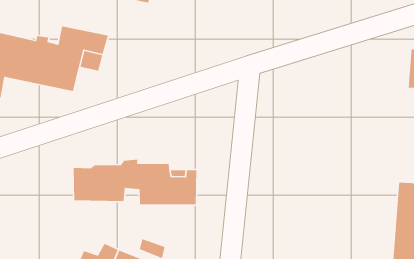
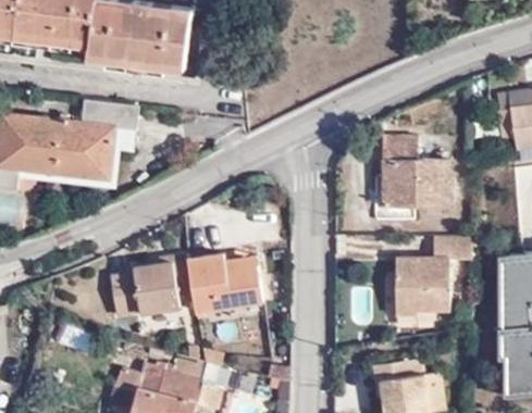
building: none -> [383,141,448,210]
building: none -> [396,240,472,320]

